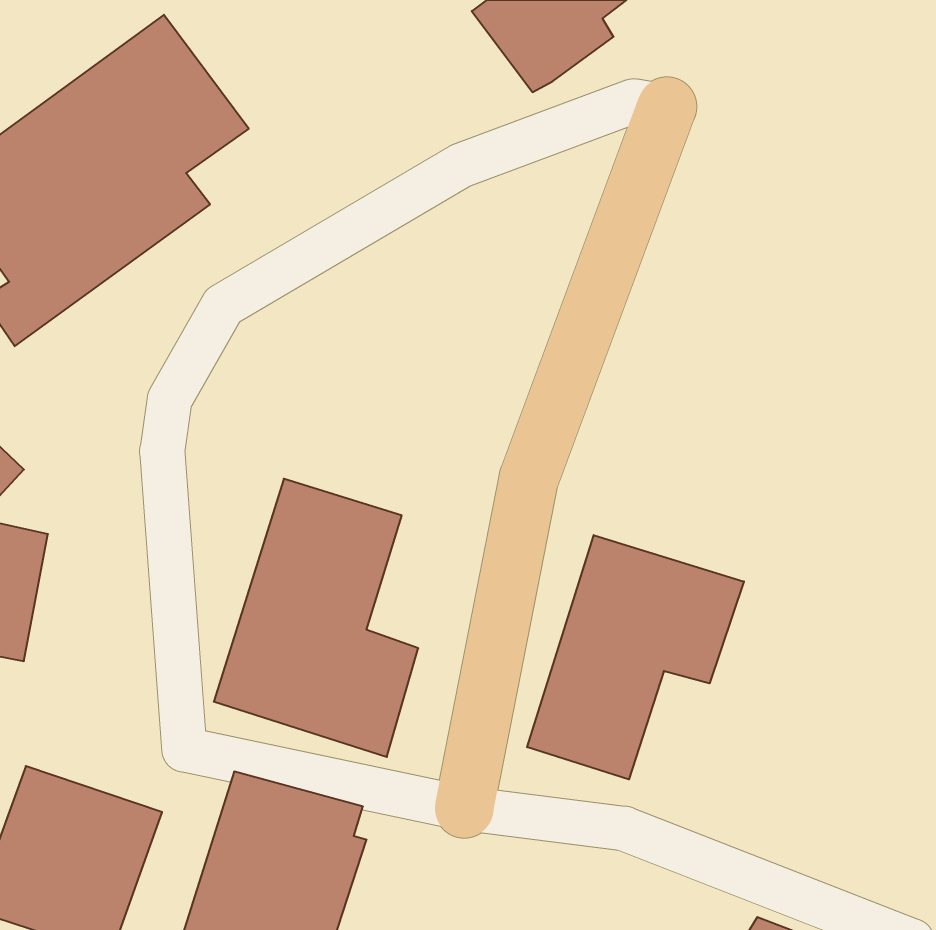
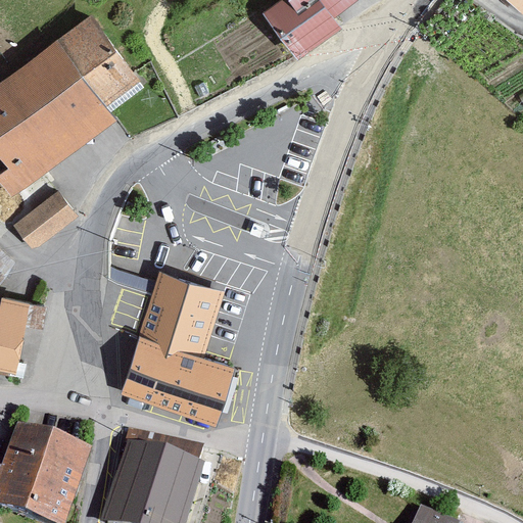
building: none -> [12,193,78,254]
building: [527,535,744,779] -> none

